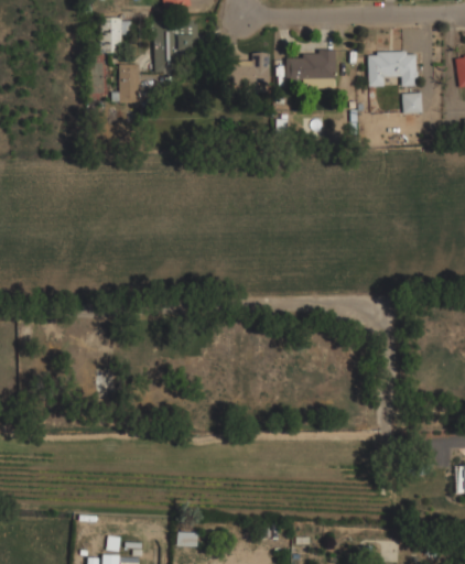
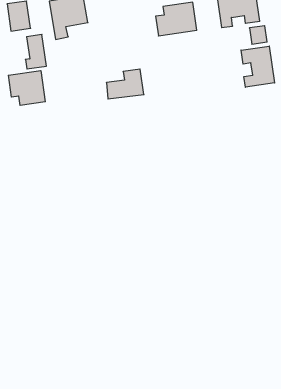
building: [224,53,270,86] -> [106,69,144,99]
building: none -> [8,71,45,105]
building: none -> [241,46,275,87]

